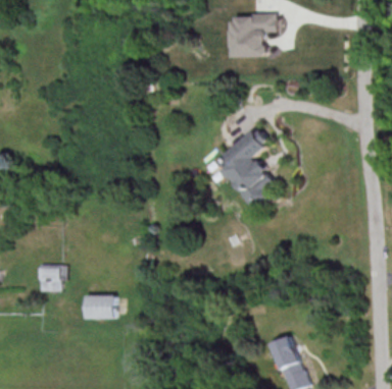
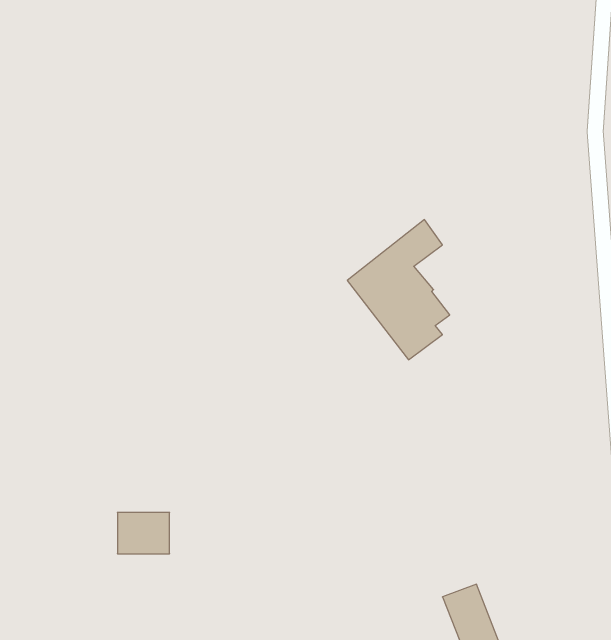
building: [229,14,277,56] -> none
building: [39,263,60,290] -> none

